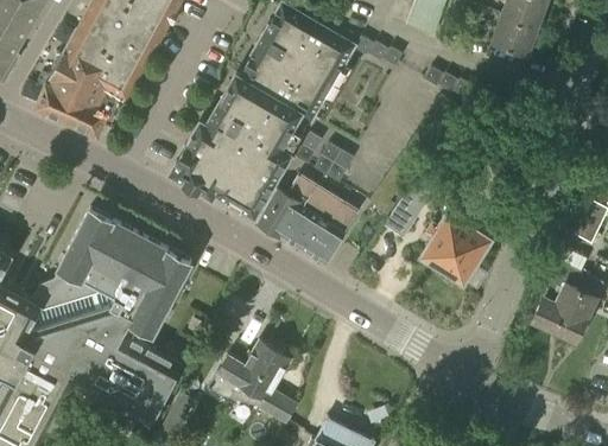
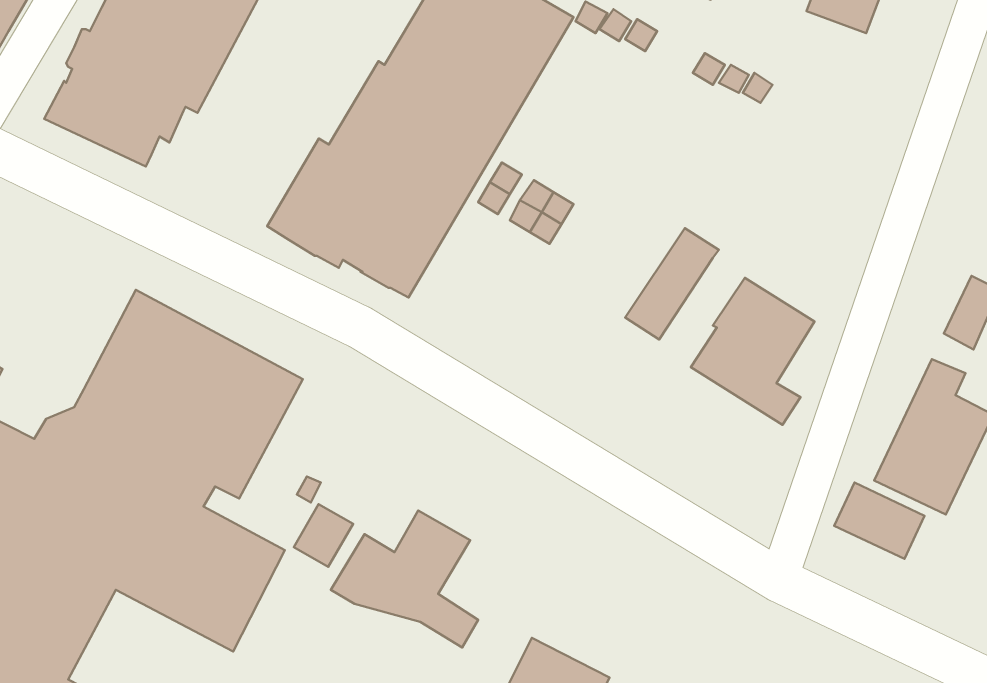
building: [256,174,359,263] -> none
building: none -> [834,482,924,559]
building: none -> [294,504,353,567]

